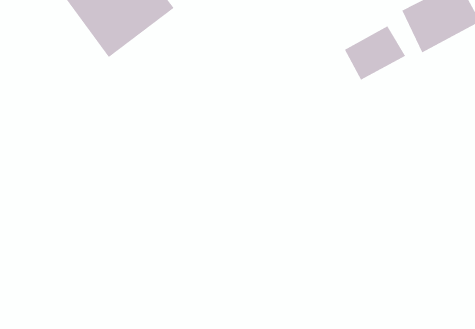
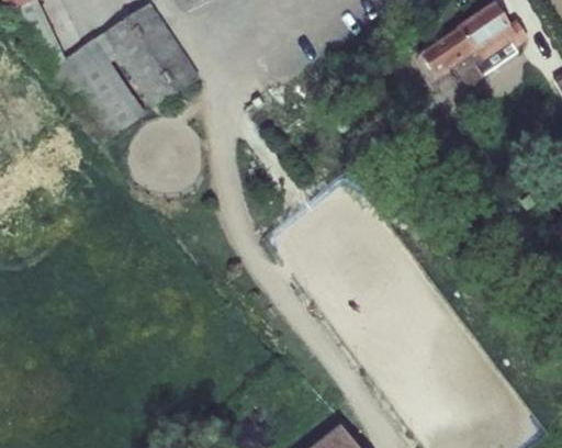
building: [344,25,406,81] -> none

